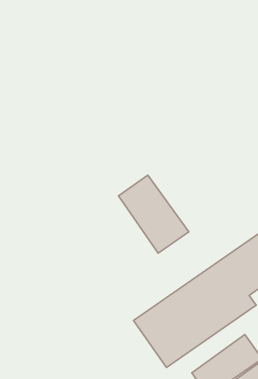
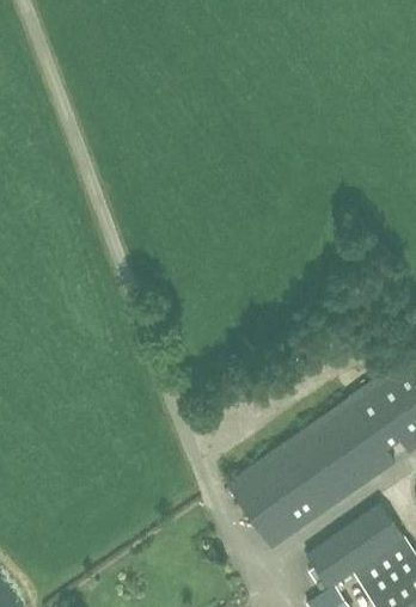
building: [119,175,189,253] -> none

